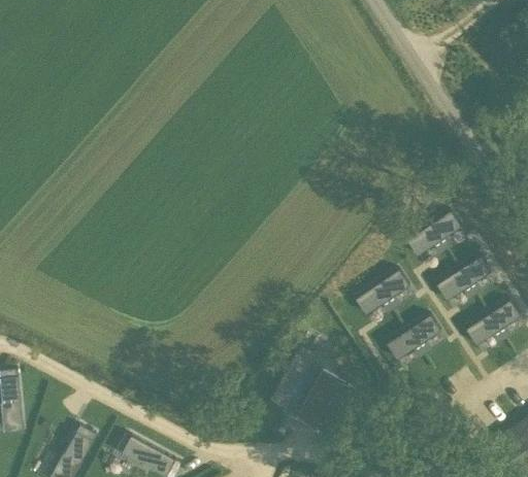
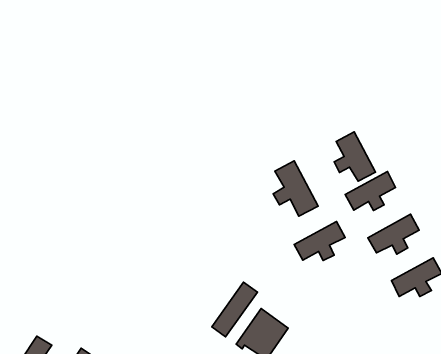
building: none -> [334,132,376,181]
building: none -> [273,161,318,216]
building: [384,313,438,359] -> none

